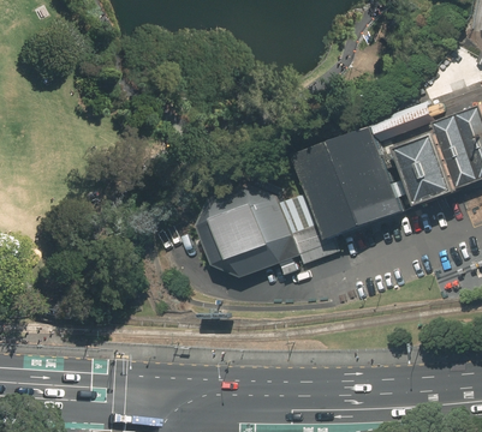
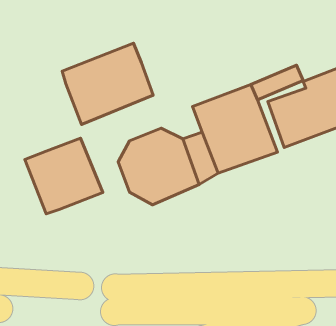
building: none -> [62,43,153,125]
building: none -> [25,138,103,214]

